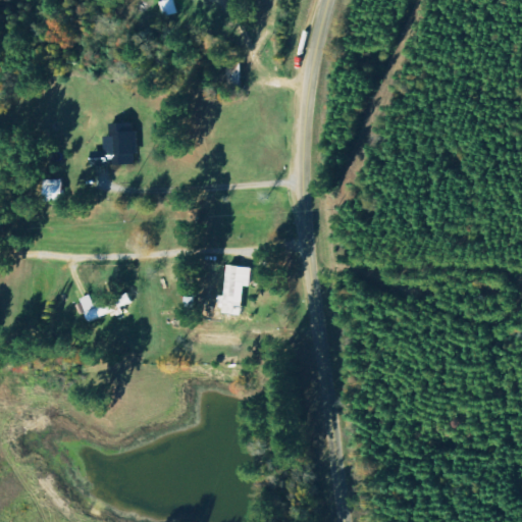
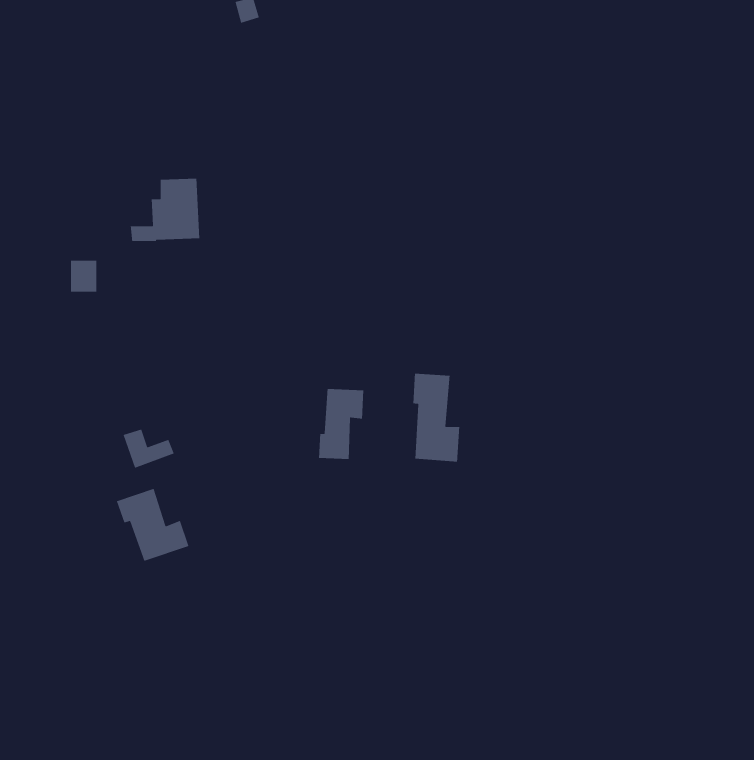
building: none -> [412,373,460,463]
building: none -> [116,488,189,562]

